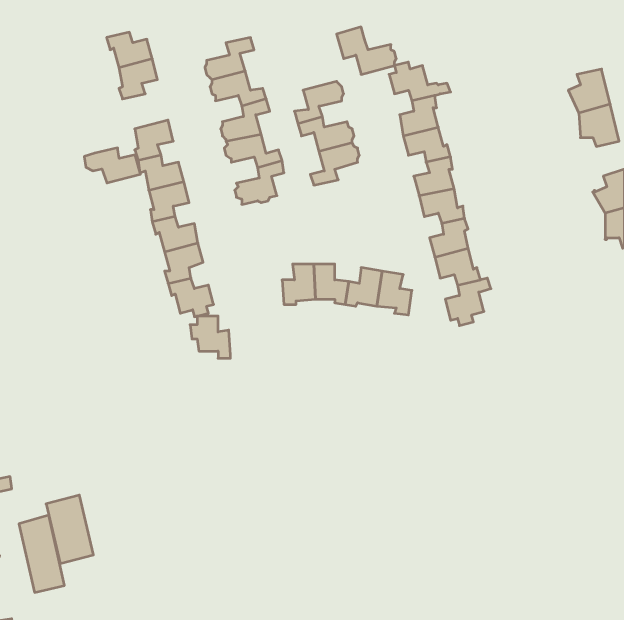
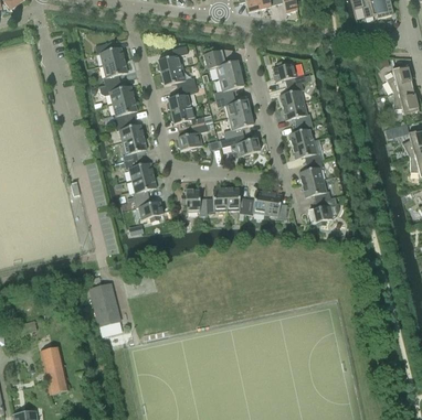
building: [337,27,396,74] -> [203,49,241,78]
building: [84,148,140,183] -> [98,80,134,103]
building: none -> [220,134,261,155]
building: [190,316,230,358] -> [181,189,207,215]
building: [46,495,93,564] -> [89,282,119,325]

